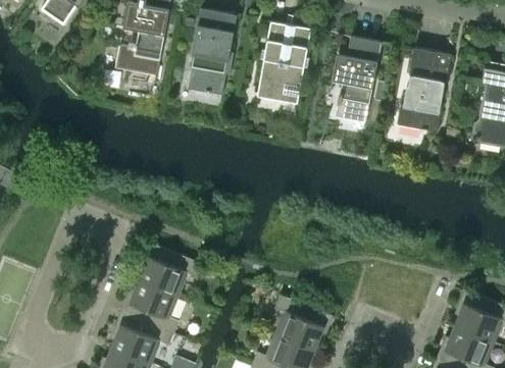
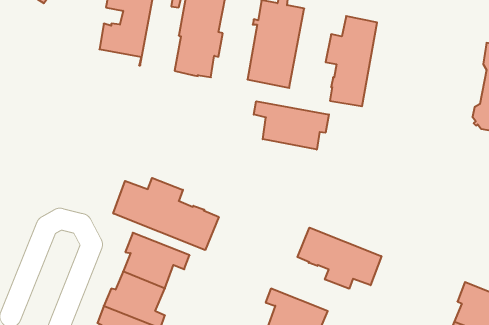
building: [397,49,451,133] -> none
building: none -> [254,101,329,150]
building: none -> [113,178,219,250]
building: none -> [297,228,381,289]

